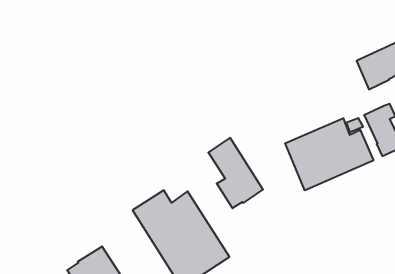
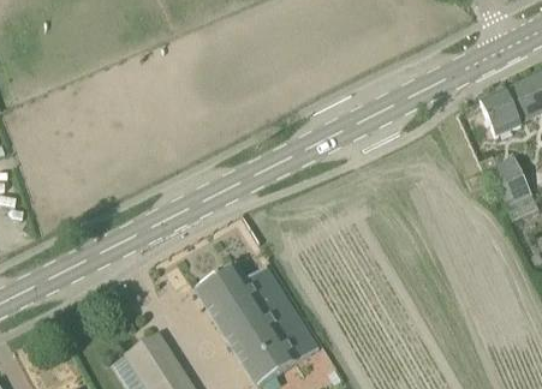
building: [285,118,373,190] -> none
building: [208,138,263,208] -> none

